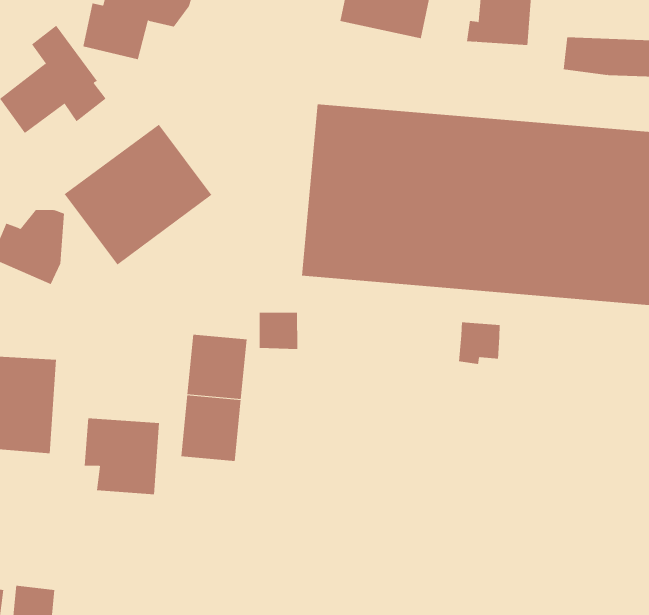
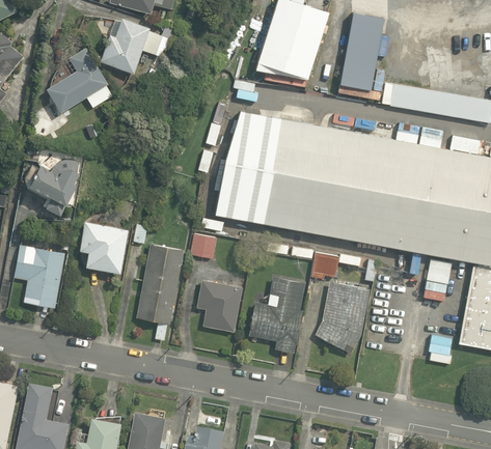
building: [64,124,212,265] -> none
building: none -> [315,281,370,354]
building: none -> [248,277,305,353]
building: none -> [196,280,242,332]
building: [84,418,160,495] -> [79,222,128,273]

